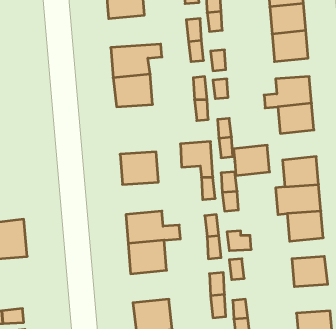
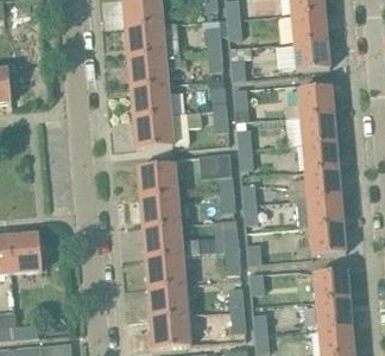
building: none -> [125,21,178,56]
building: none -> [133,114,172,147]
building: [234,145,270,175] -> [301,140,337,171]
building: none -> [139,193,179,227]
building: none -> [147,284,187,317]
building: none -> [315,298,352,328]

